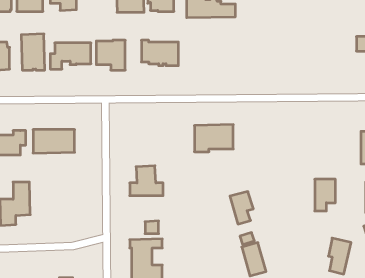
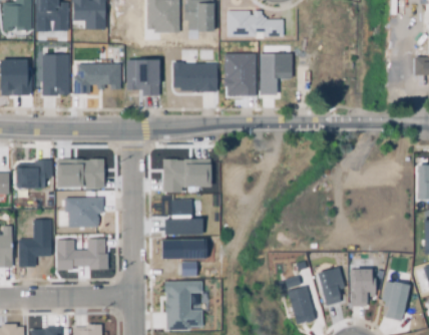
building: none -> [263,51,291,91]
building: none -> [224,54,256,94]
building: [194,125,233,152] -> [163,160,206,191]
building: none -> [63,198,101,227]
building: [315,179,335,211] -> [352,269,375,304]
building: [230,192,253,224] -> [318,268,344,304]
building: none -> [163,239,206,257]
building: none -> [55,240,105,268]

